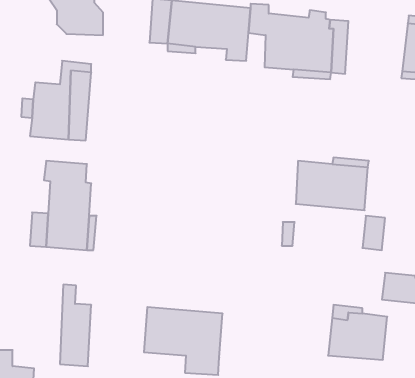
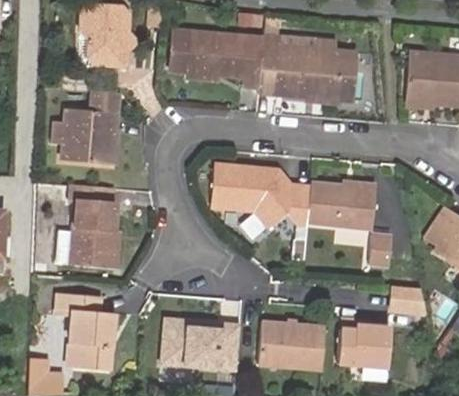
building: none -> [208,162,310,225]
building: none -> [61,295,92,371]
building: none -> [258,321,325,368]

